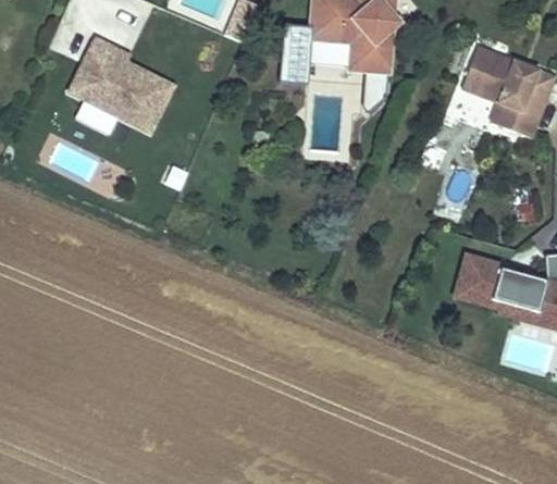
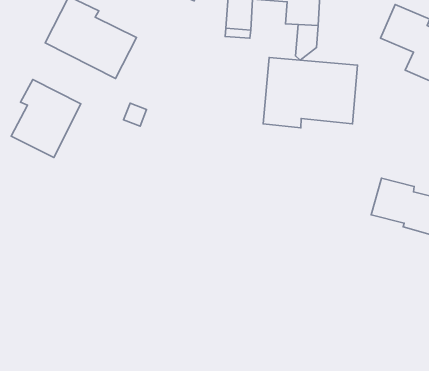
building: none -> [263,58,357,128]
building: none -> [11,80,81,157]

